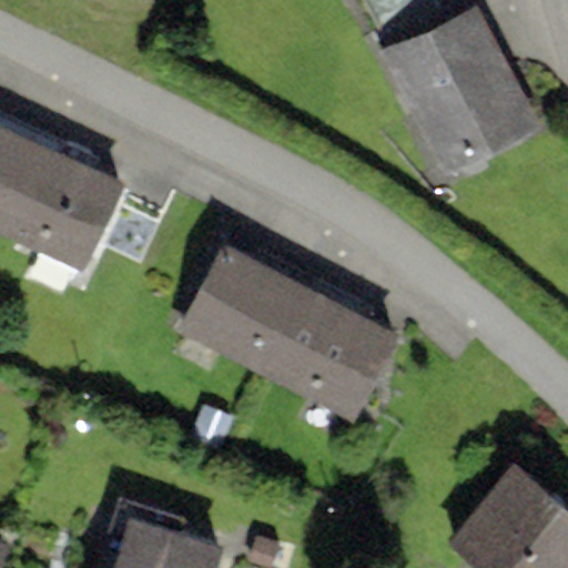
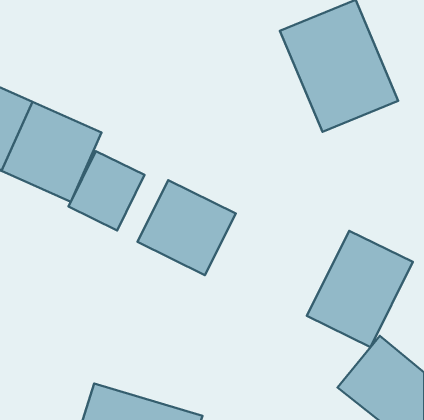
building: none -> [68,151,145,230]
building: [273,292,404,418] -> none
building: none -> [307,231,413,347]

